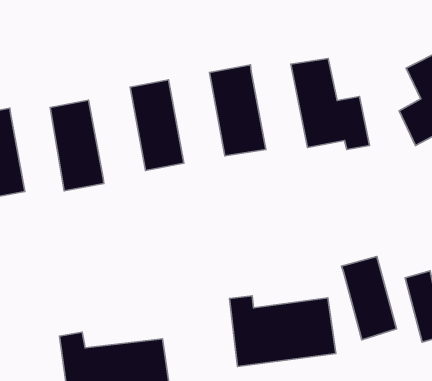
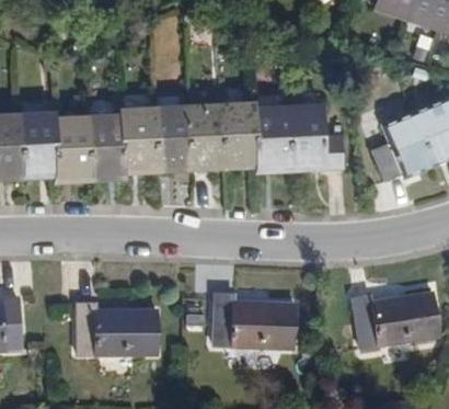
building: none -> [256,102,295,174]
building: none -> [188,101,227,172]
building: none -> [122,105,161,177]
building: none -> [57,114,93,184]
building: [342,256,397,340] -> none

